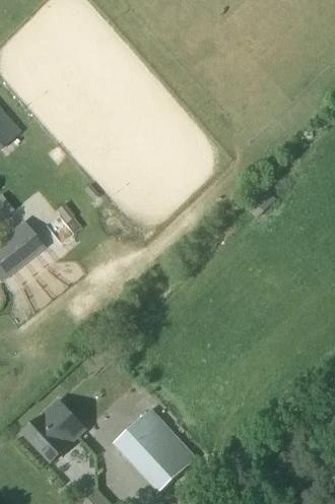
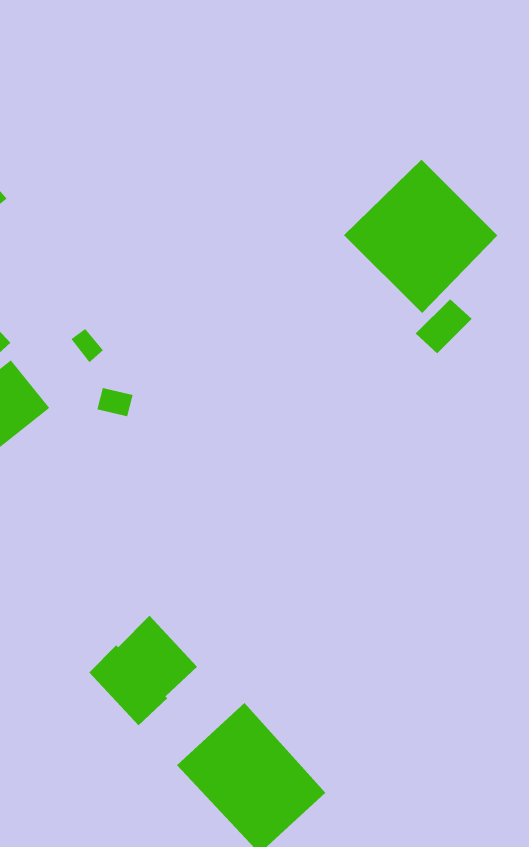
building: none -> [343,159,498,314]
building: [23,401,83,462] -> [88,615,198,726]

